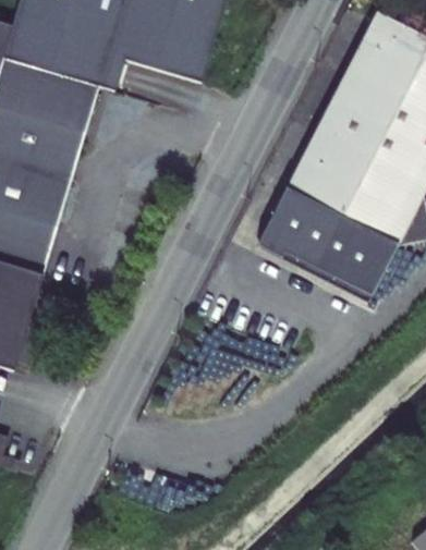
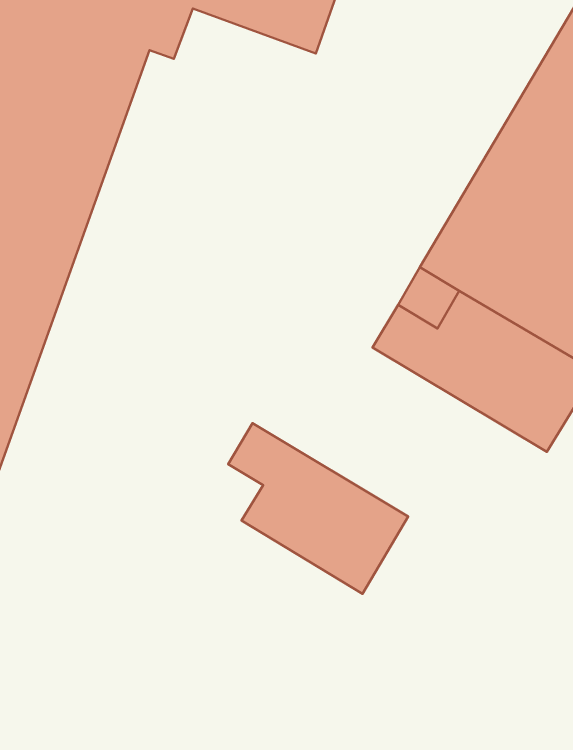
building: none -> [228,423,408,594]

